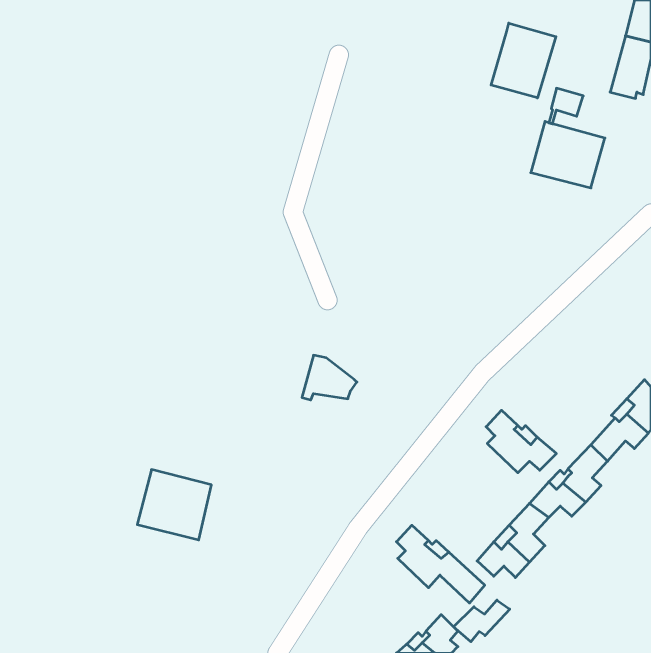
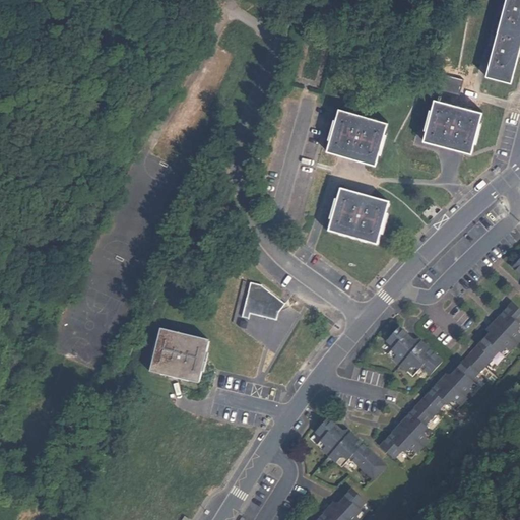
building: [491,23,556,98] -> none
building: none -> [327,109,386,161]
building: none -> [327,189,388,244]
building: [137,470,211,540] -> [148,326,207,382]
building: [454,600,510,642] -> none

